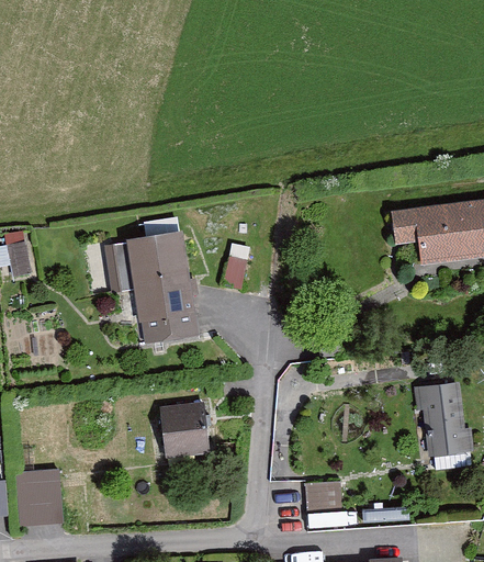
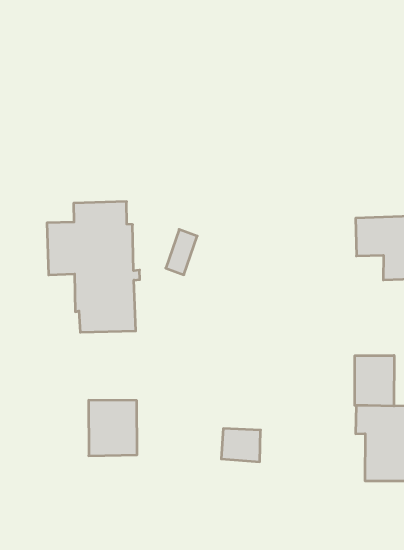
building: none -> [355,355,394,406]
building: [305,481,342,512] -> [221,429,261,462]

